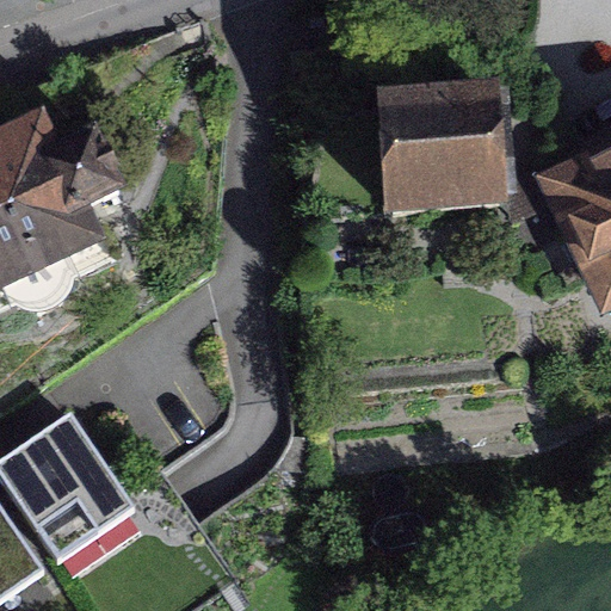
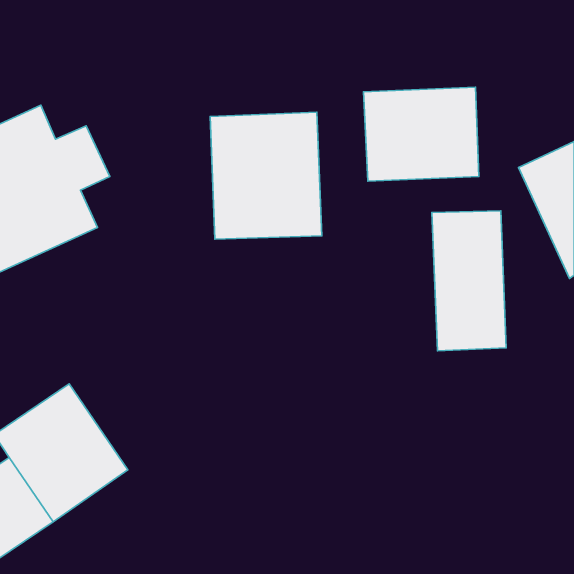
building: none -> [210,112,322,239]
building: none -> [432,211,506,351]

